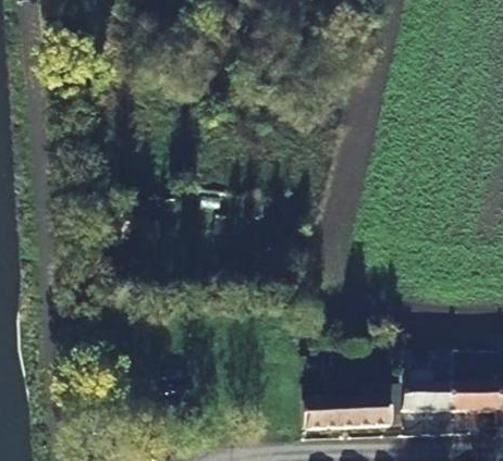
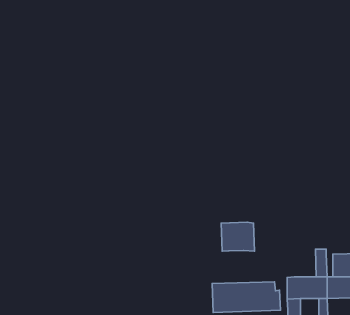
building: none -> [221,222,254,251]

